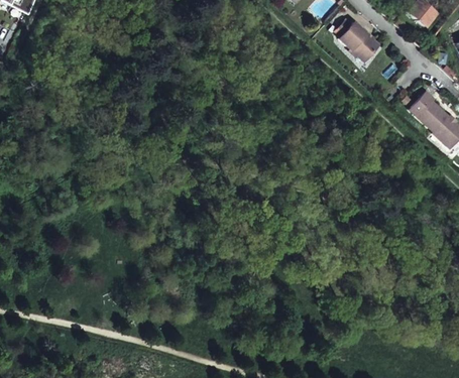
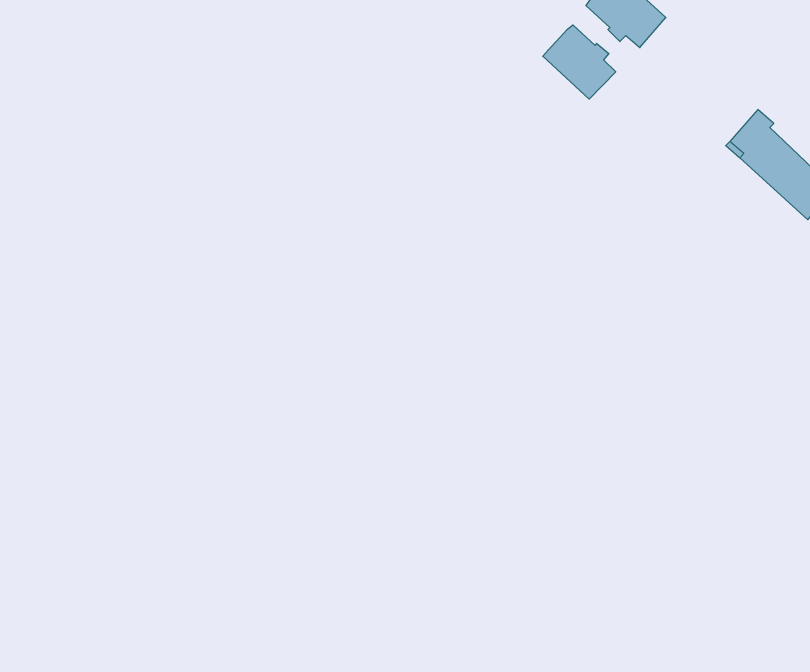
building: none -> [543,25,616,99]

